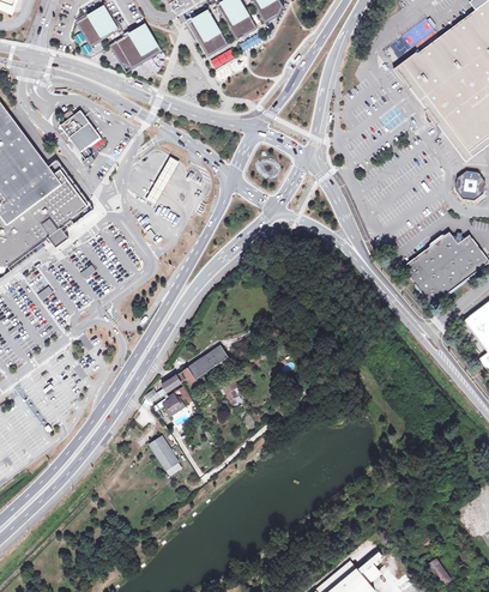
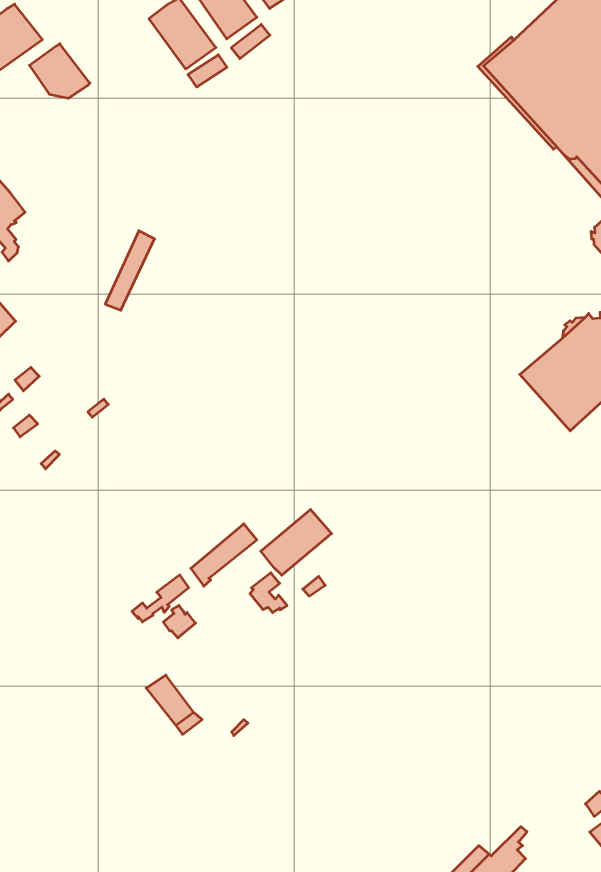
building: [131,23,162,59] -> none
building: none -> [261,509,332,575]

